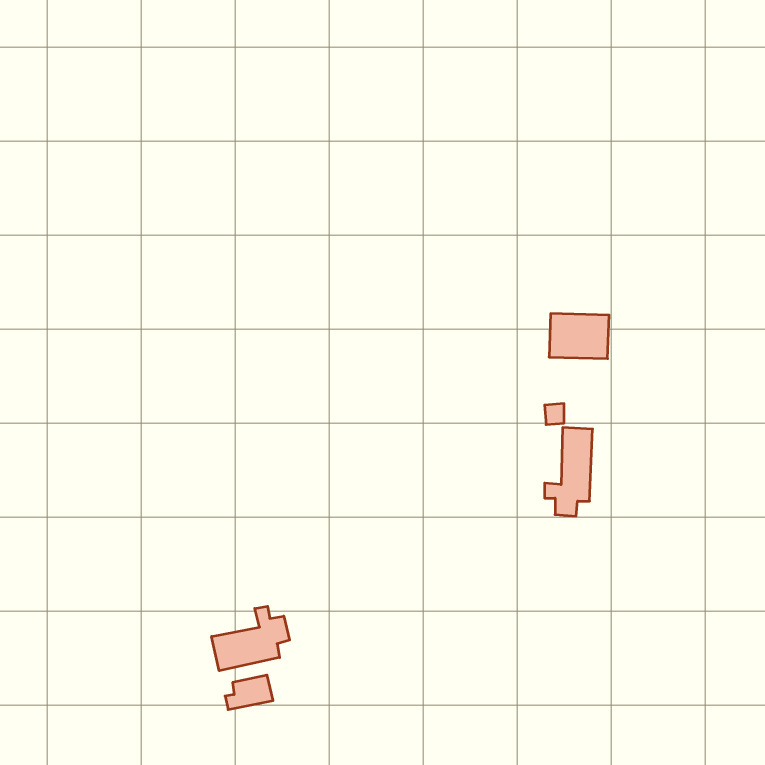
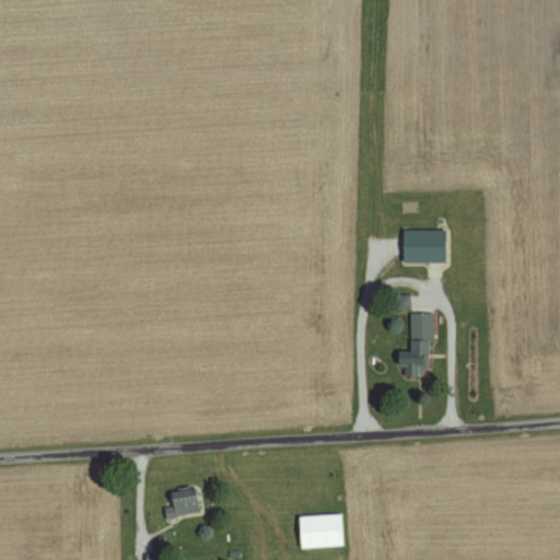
building: [212,606,290,671] -> none
building: none -> [298,514,347,548]

